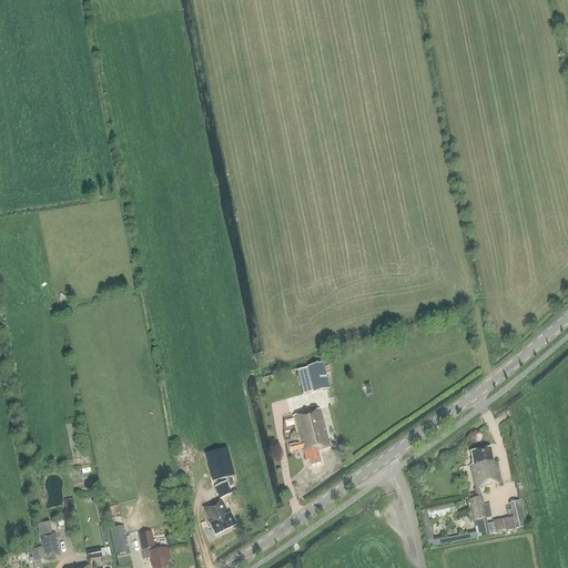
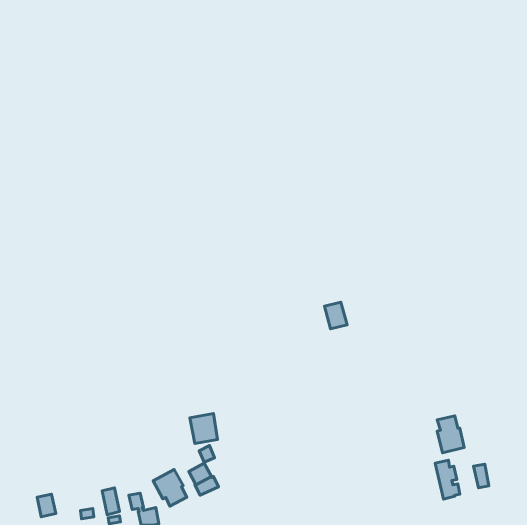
building: [305,362,329,390] -> [324,302,347,329]
building: [288,408,328,465] -> none
building: none -> [153,470,187,506]

